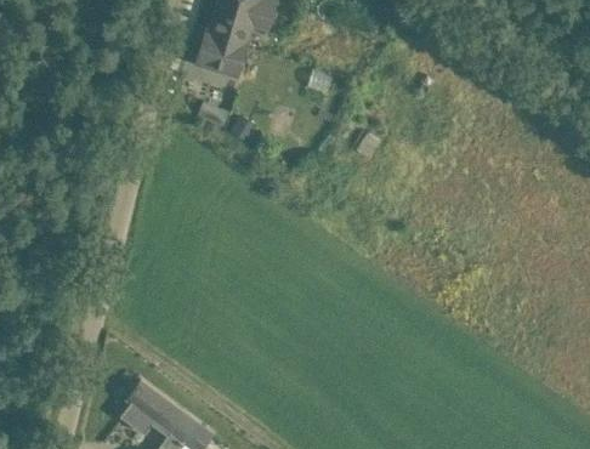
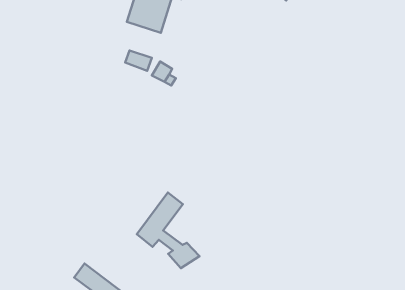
building: none -> [137,193,199,268]

